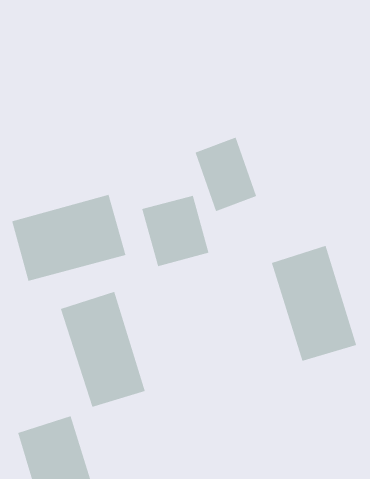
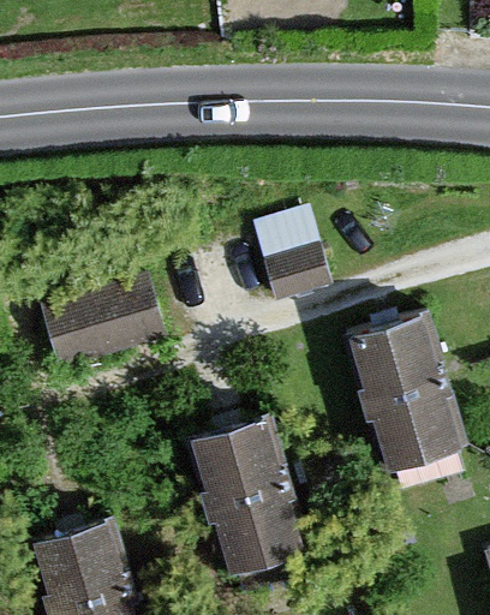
building: [141,195,210,267] -> none
building: [60,291,146,408] -> [195,432,301,578]

